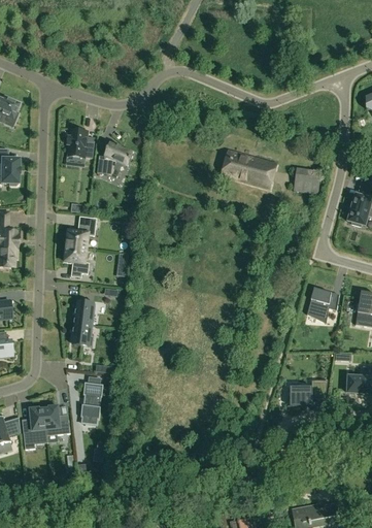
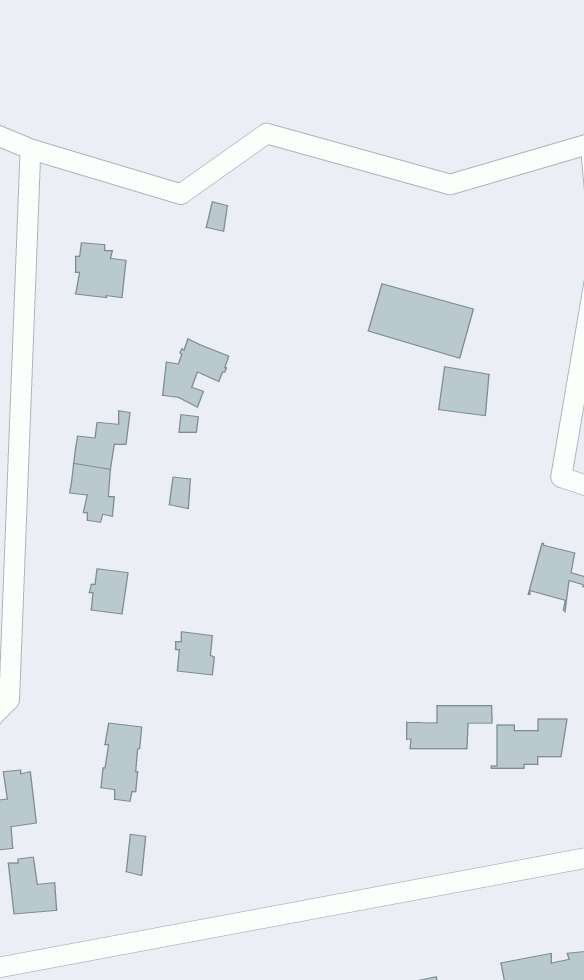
building: [96,142,131,178] -> [162,339,229,407]
building: [294,168,320,194] -> [439,367,489,416]
building: [72,323,93,345] -> [175,632,214,675]
building: none -> [407,705,492,749]
building: [43,405,69,435] -> [8,857,57,914]

